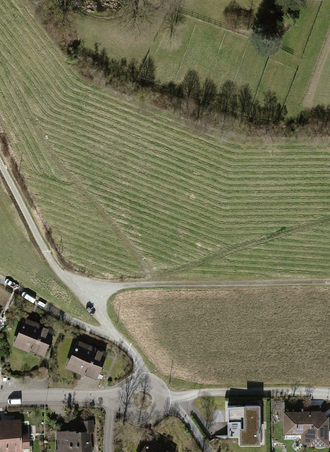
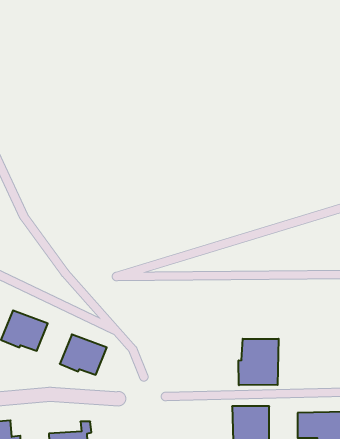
building: none -> [239,339,279,385]

